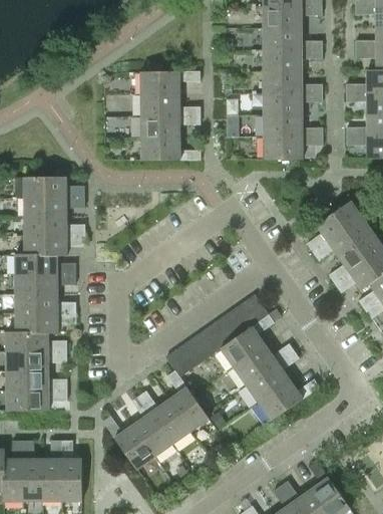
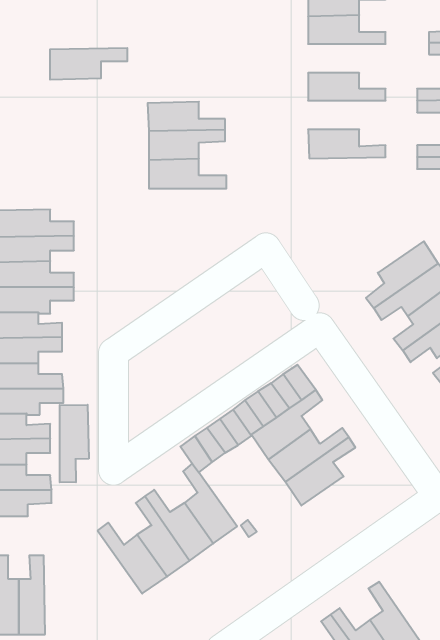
building: [263,50,322,72] -> none
building: [140,71,200,95] -> [50,48,127,80]
building: [263,93,322,115] -> none
building: [264,137,322,160] -> none
building: none -> [60,405,89,482]
building: [258,379,319,422] -> none
building: [61,441,82,501] -> none

